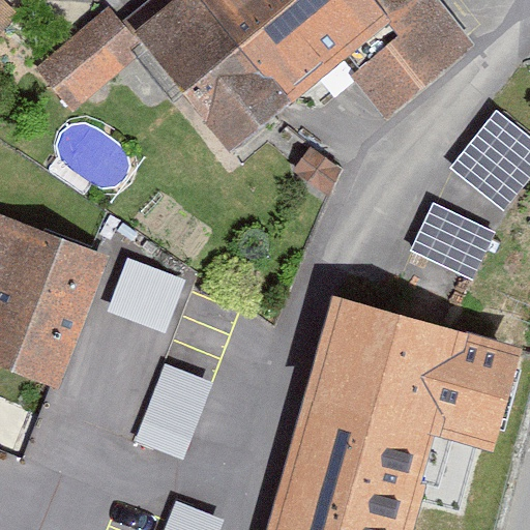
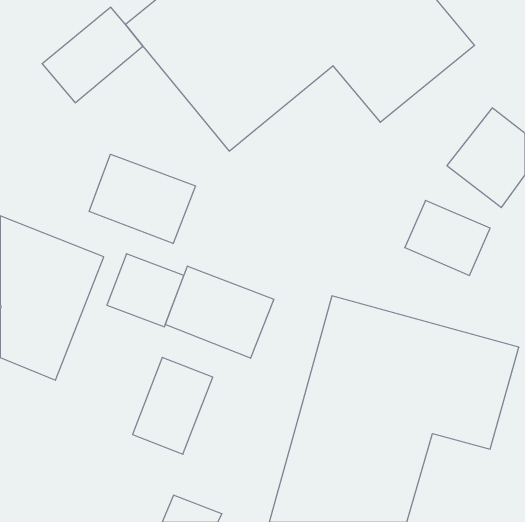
building: none -> [89,154,195,244]
building: none -> [165,266,274,358]

